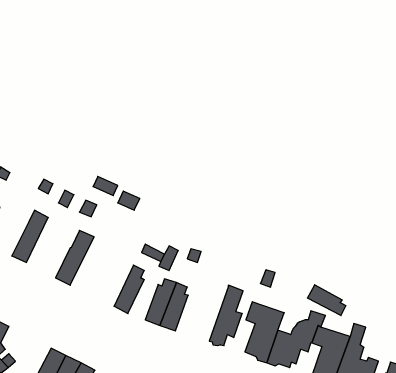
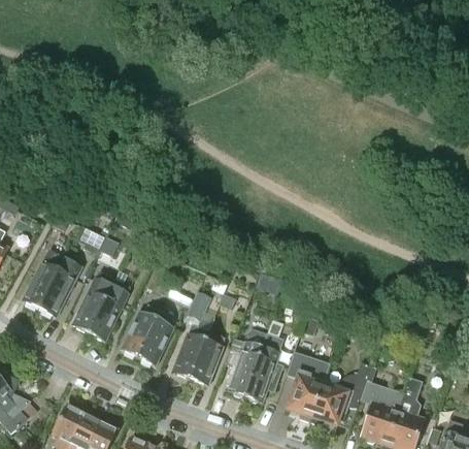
building: none -> [39,258,80,317]
building: none -> [89,280,130,342]
building: none -> [122,307,160,358]
building: none -> [224,330,267,397]
building: [307,285,346,316] -> none

